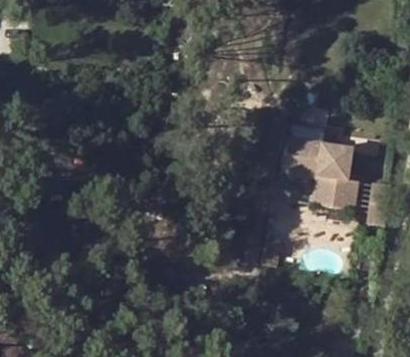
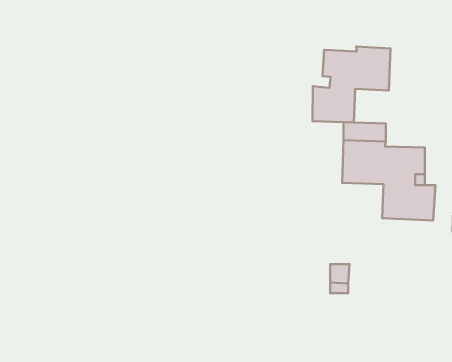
building: none -> [313,47,391,122]

